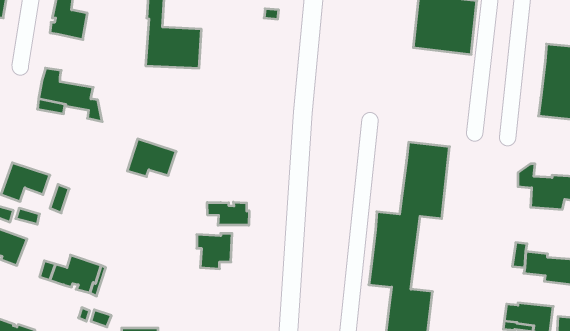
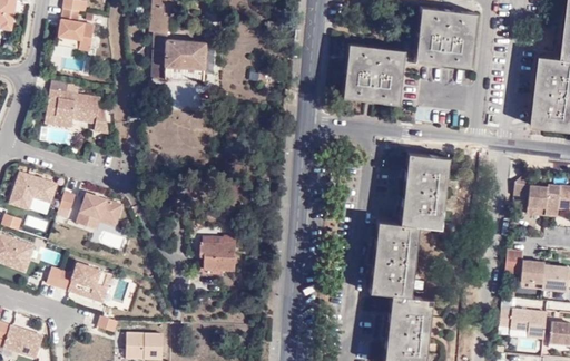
building: none -> [340,41,402,105]
building: [127,139,176,177] -> [76,194,124,231]
building: [207,202,249,225] -> none

